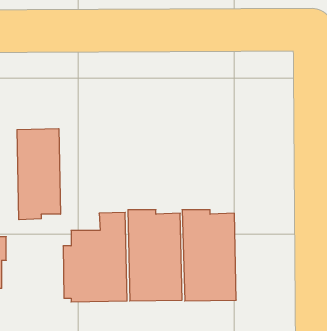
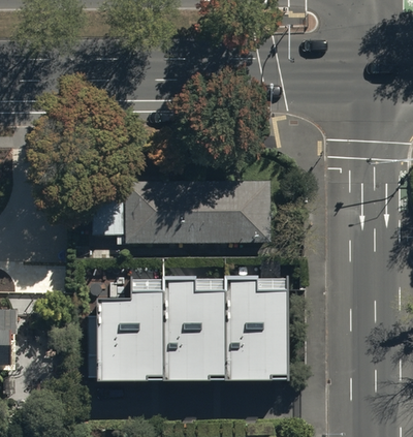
building: none -> [93,182,267,245]
building: [17,129,60,220] -> none

